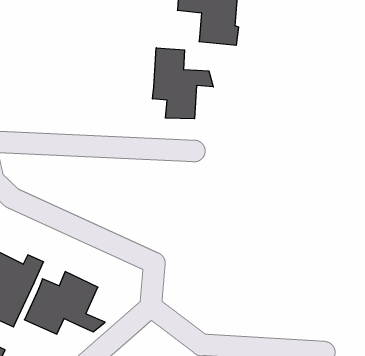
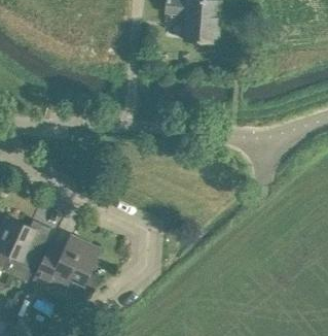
building: [153,48,213,119] -> none

